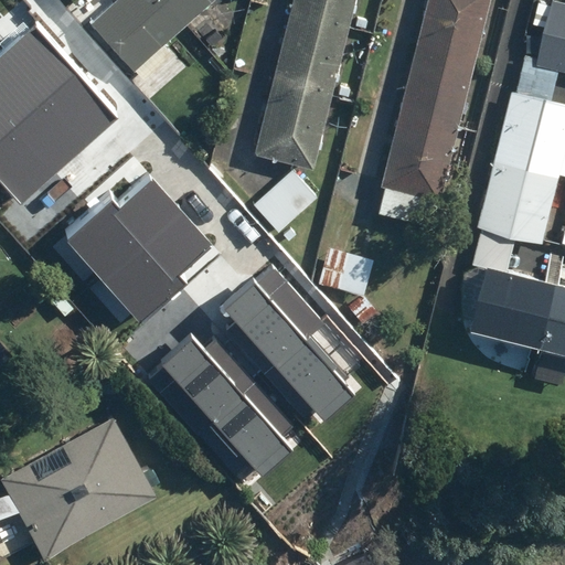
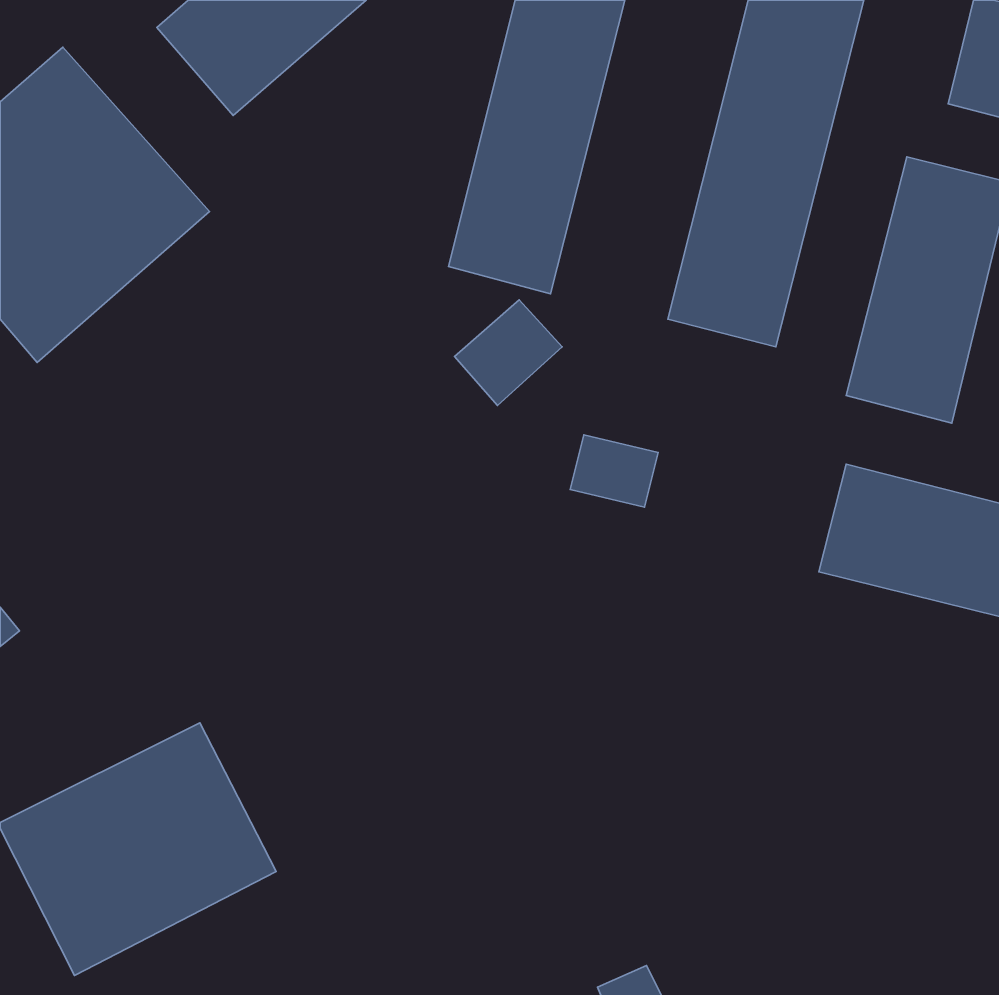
building: [65,182,214,328] -> none
building: [225,273,364,427] -> none
building: [152,343,294,480] -> none

